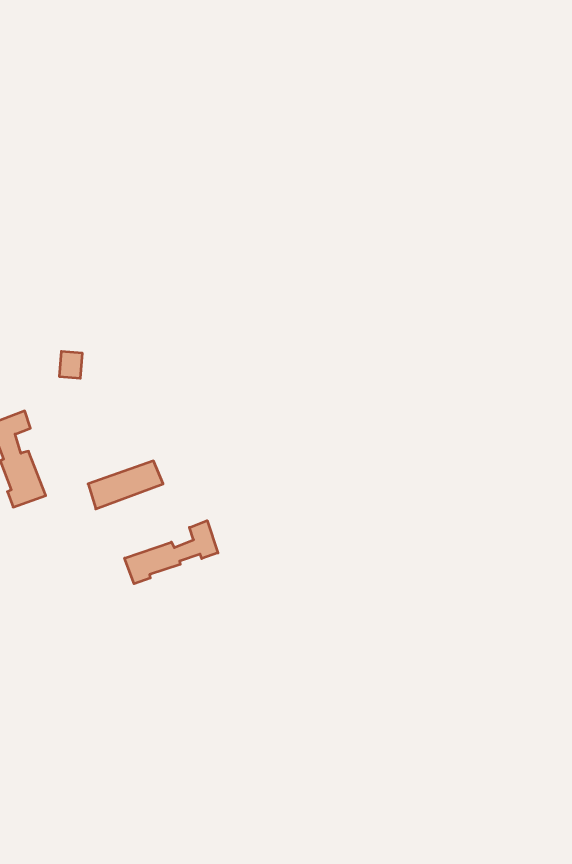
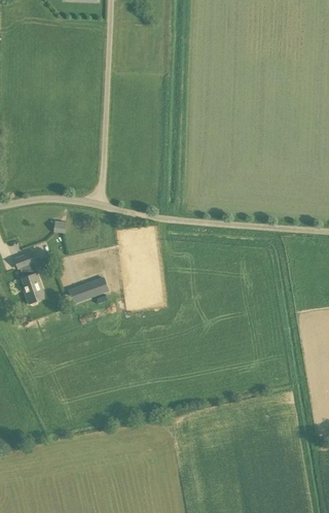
building: [125,521,218,584] -> none

